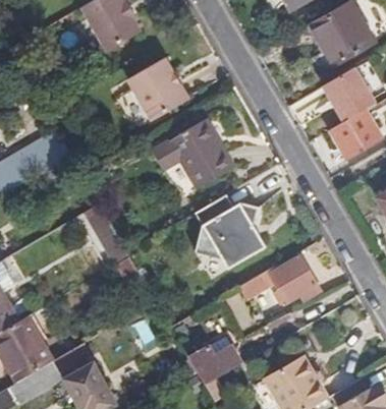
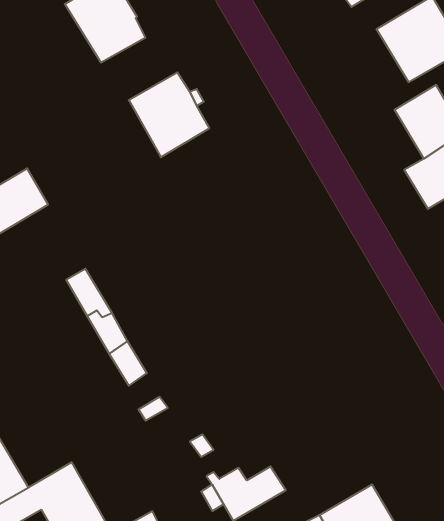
building: [156,120,235,188] -> none
building: [196,195,267,269] -> none
building: [239,256,320,306] -> none

